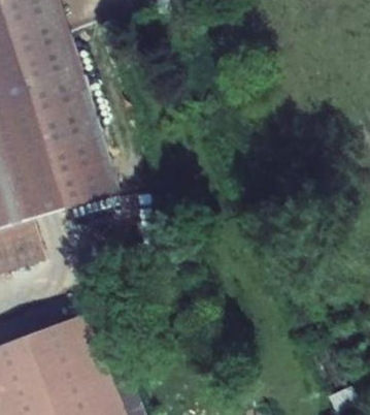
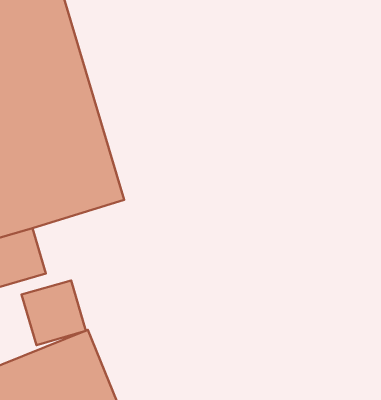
building: none -> [22,280,86,345]

